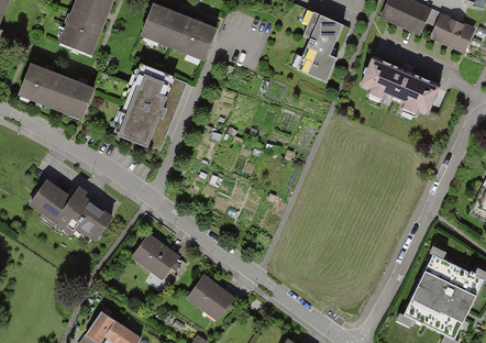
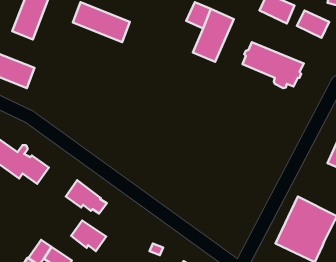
building: [119,66,173,145] -> none
building: [188,276,233,316] -> [71,220,106,251]

